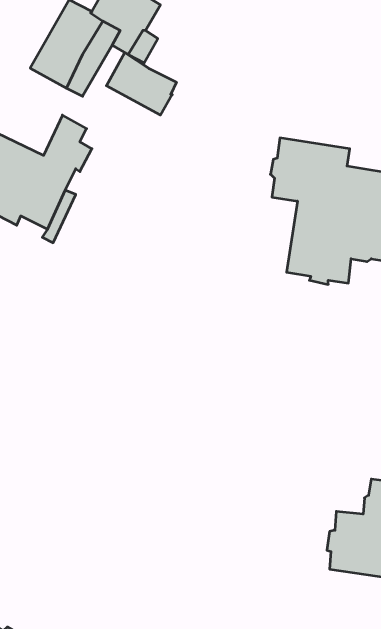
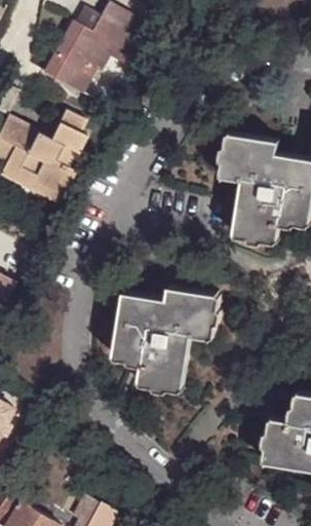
building: [106,53,176,115] -> none
building: none -> [119,283,225,388]

